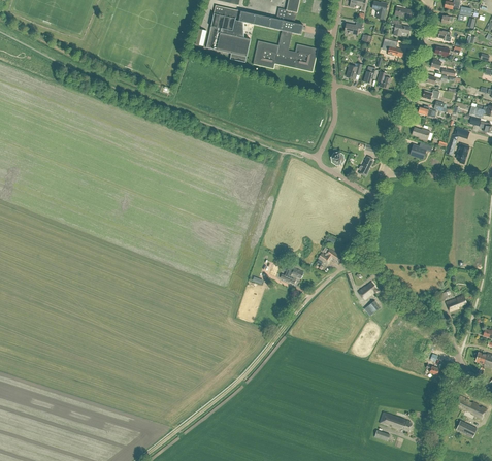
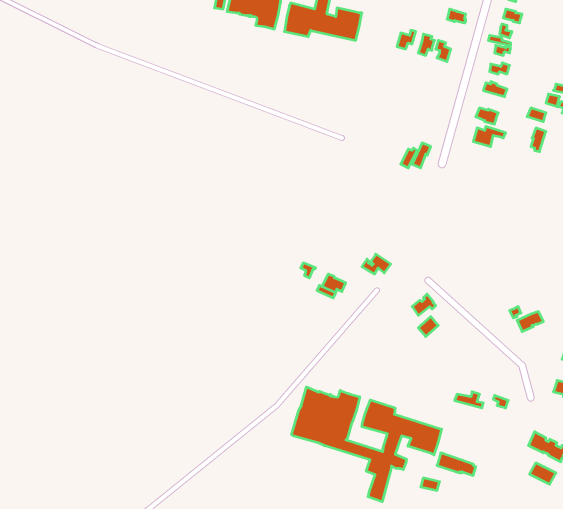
building: none -> [292,387,442,502]

